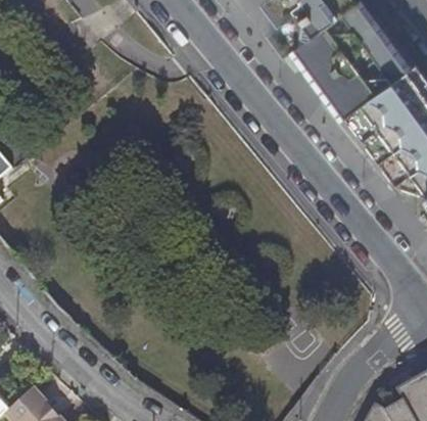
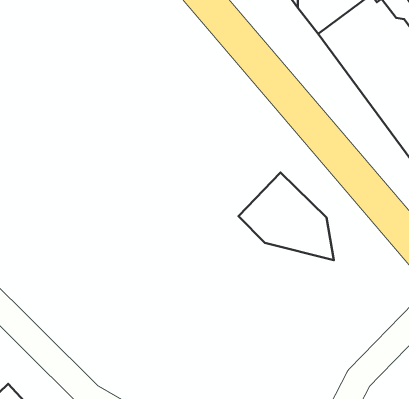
building: none -> [238,173,334,260]

